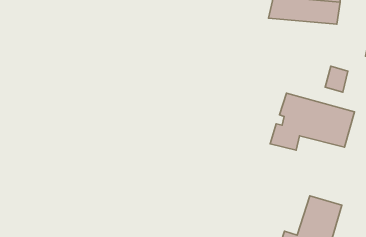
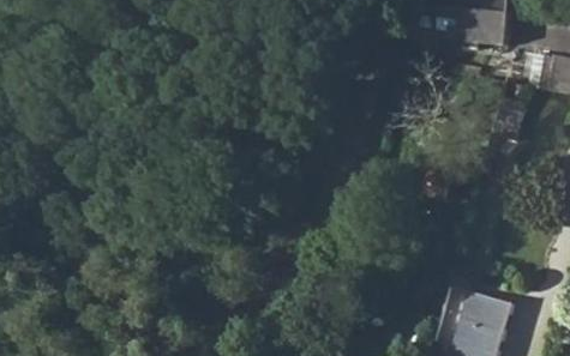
building: [270,93,354,150] -> none

